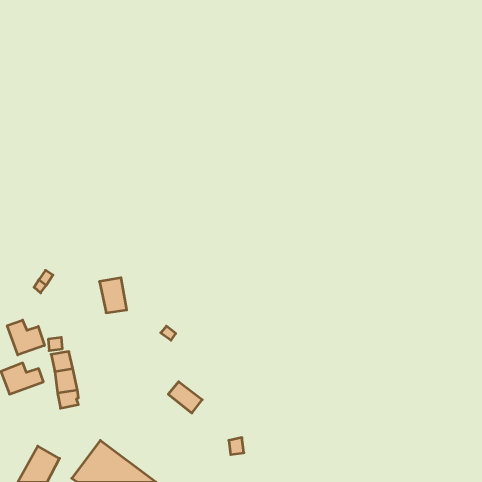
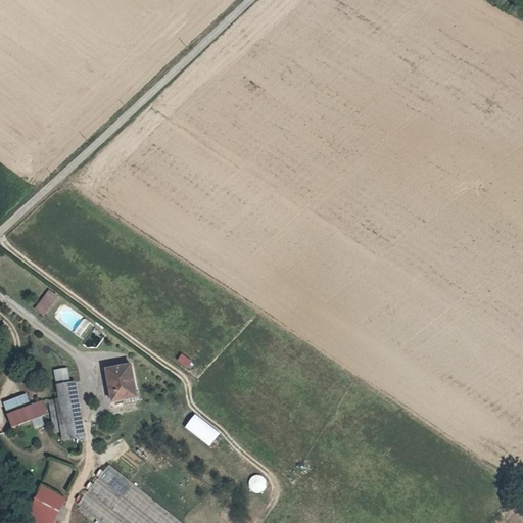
building: [99,278,127,313] -> [106,365,136,402]
building: [7,320,44,355] -> none

